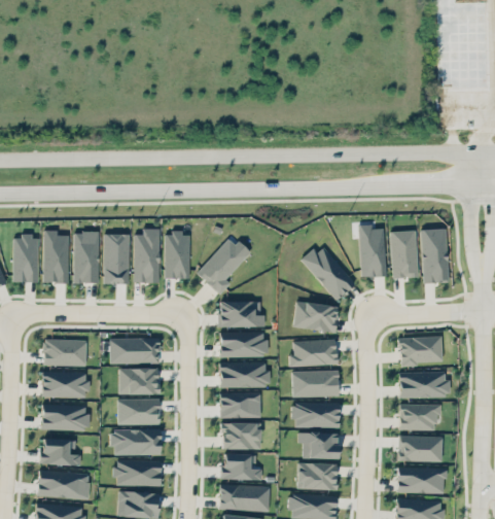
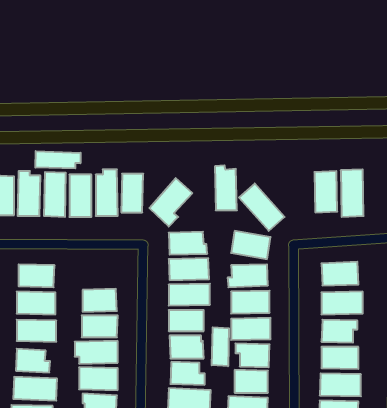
building: none -> [35,151,81,168]
building: [359,224,385,277] -> [215,165,237,210]
building: [109,339,158,365] -> none
building: none -> [212,327,229,366]

